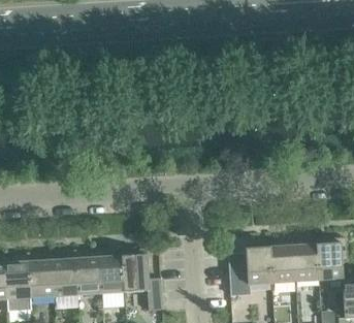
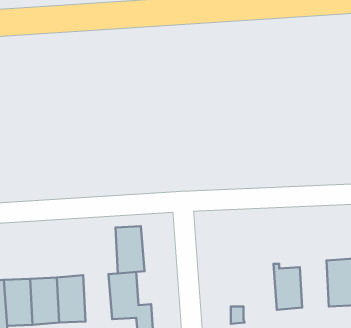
building: [292,240,318,283] -> none
building: [245,244,271,286] -> none
building: [98,253,124,295] -> [116,226,144,273]

